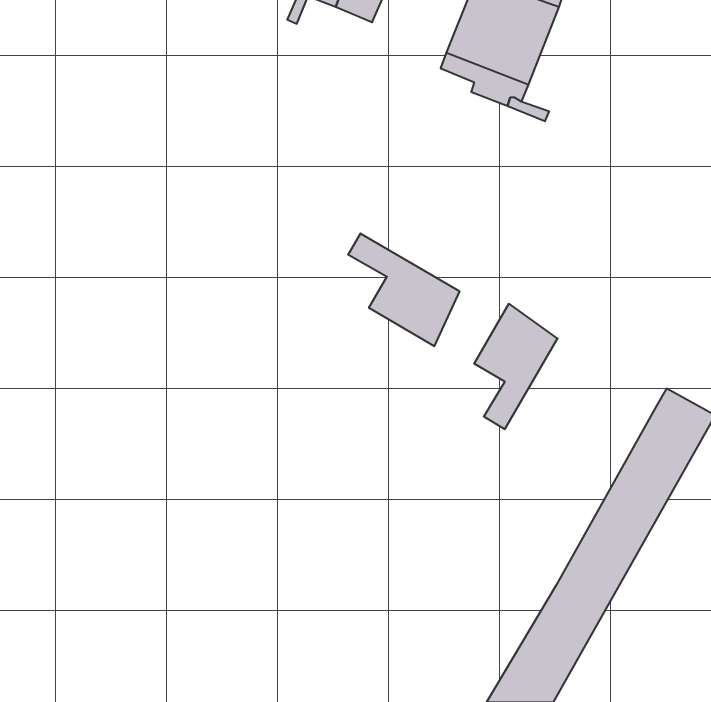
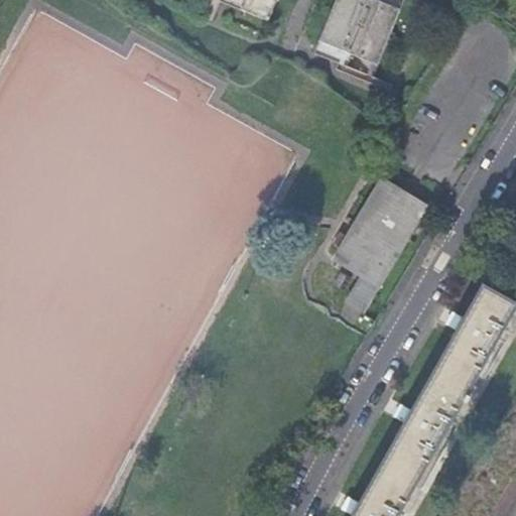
building: [348,233,459,346] -> none
building: none -> [369,182,428,245]

